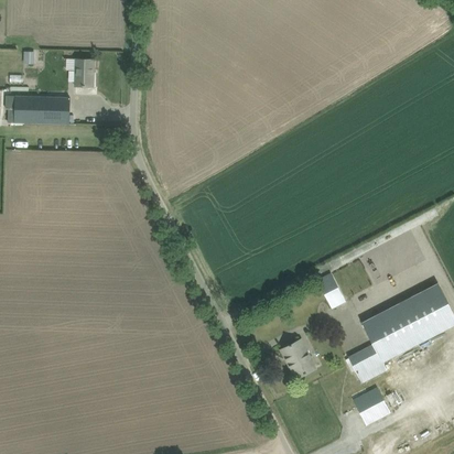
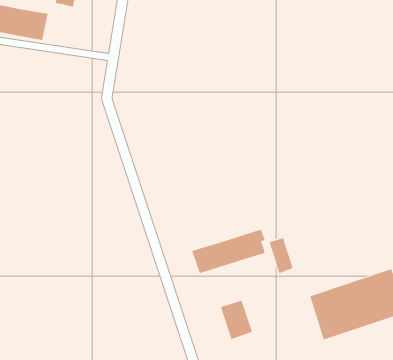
building: none -> [191,229,266,274]
building: [349,344,386,381] -> none

